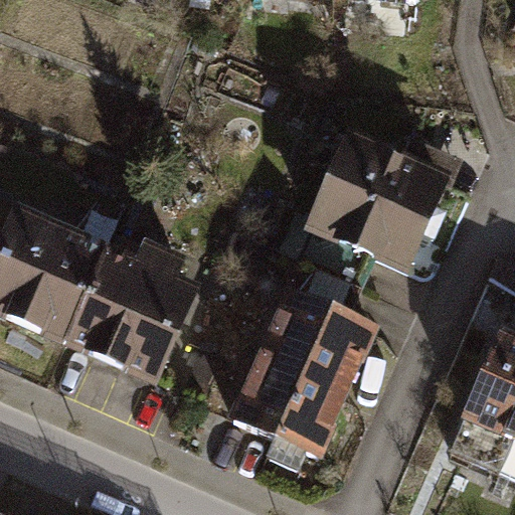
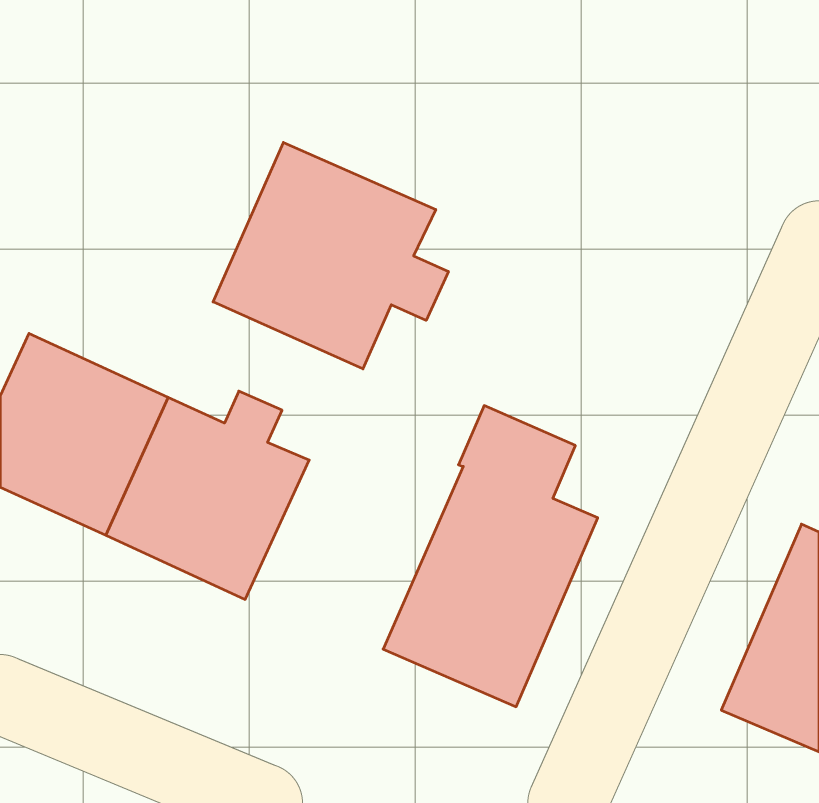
building: none -> [213,142,448,369]
building: [284,137,444,280] -> none

